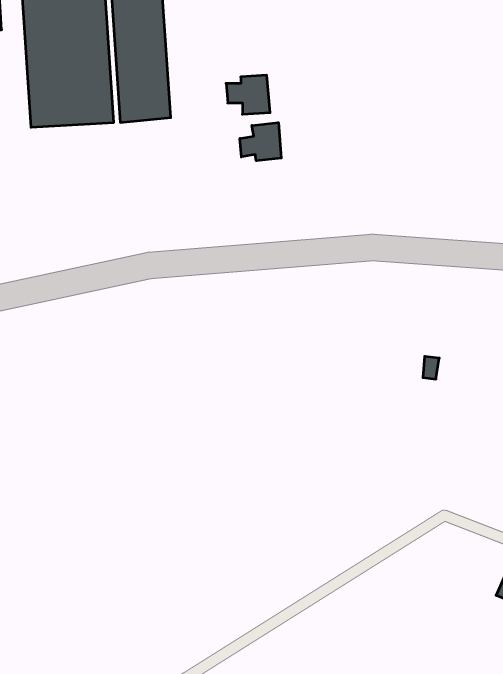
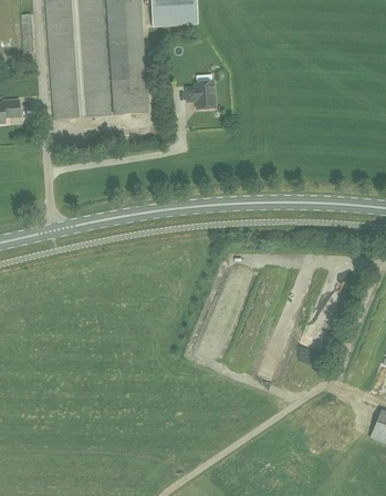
building: [240,123,281,161] -> none

